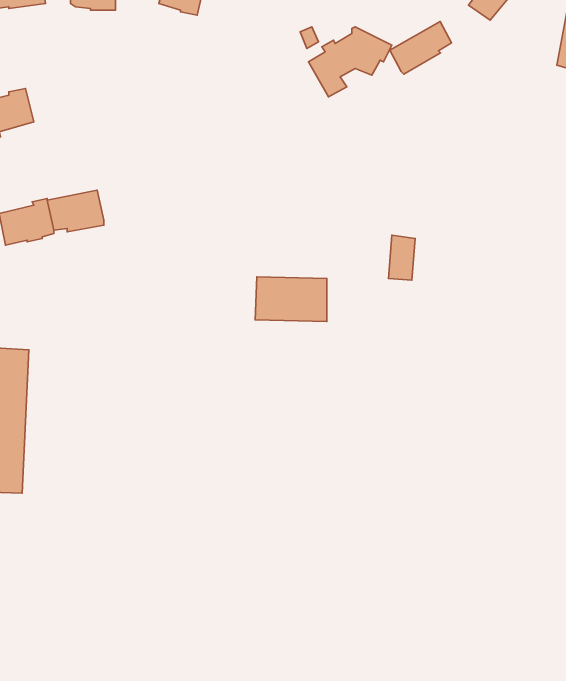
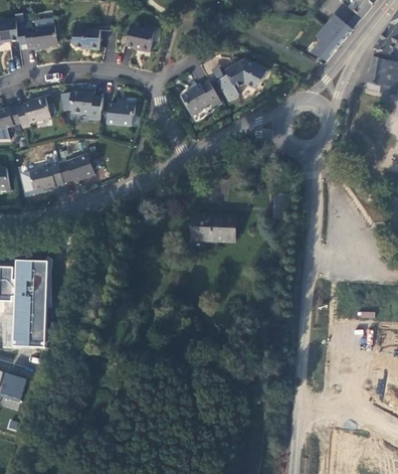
building: [390,21,451,74] -> none
building: none -> [183,81,221,117]
building: none -> [71,93,103,121]
building: none -> [108,102,137,127]

